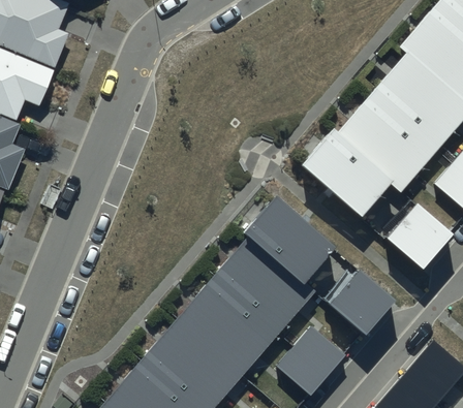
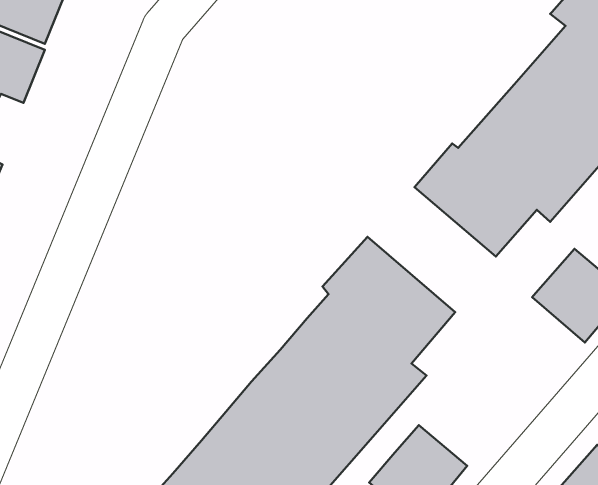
building: [329,273,395,338] -> none

